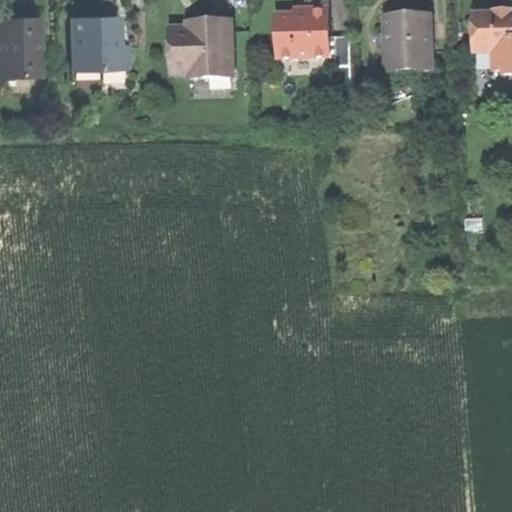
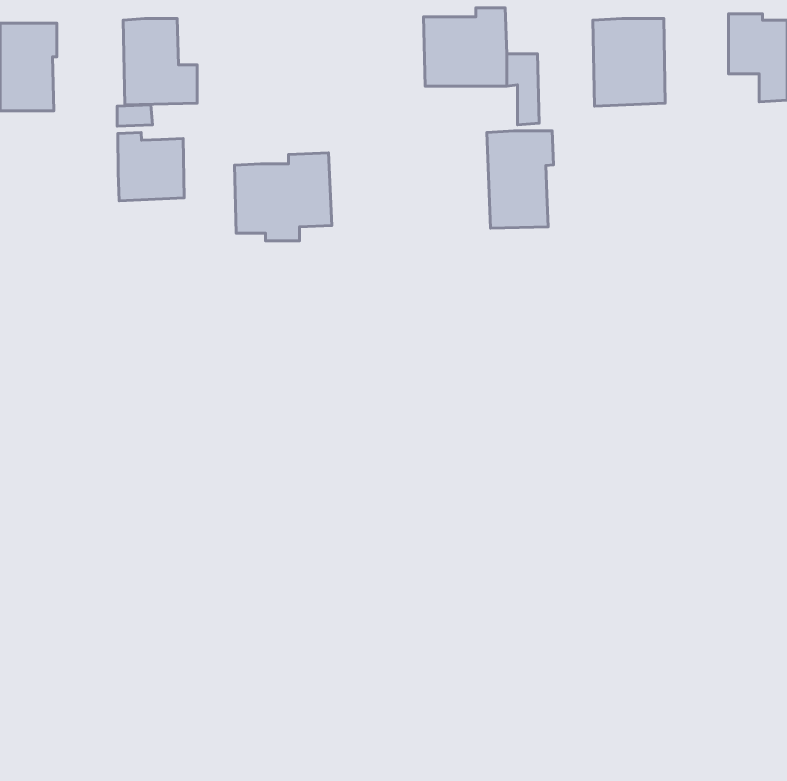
building: [169,19,232,76] -> [235,153,332,241]
building: none -> [487,131,554,228]
building: none -> [118,132,184,201]

